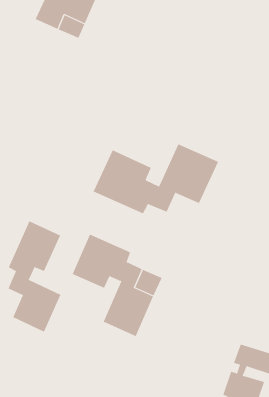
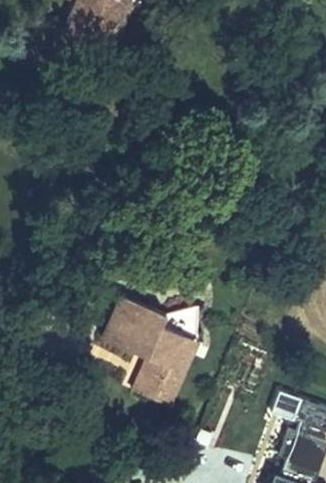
building: [93,143,219,214] -> none
building: [8,220,61,332] -> none

